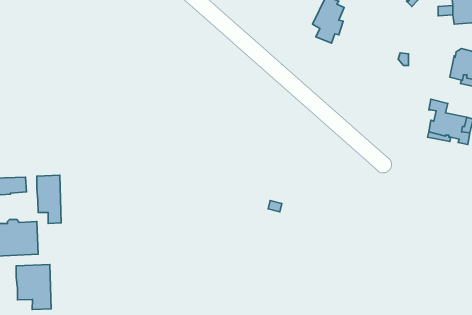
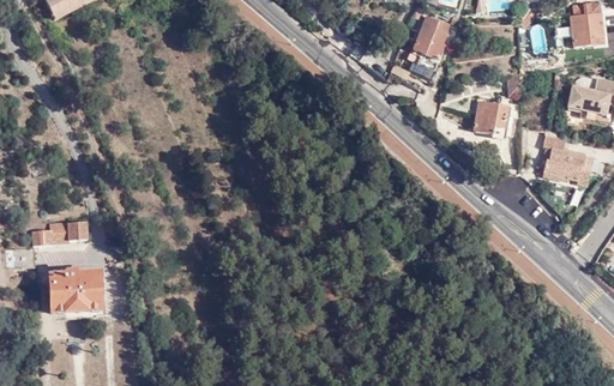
building: none -> [475,99,517,135]
building: [37,175,61,223] -> none
building: [16,265,51,310] -> none

